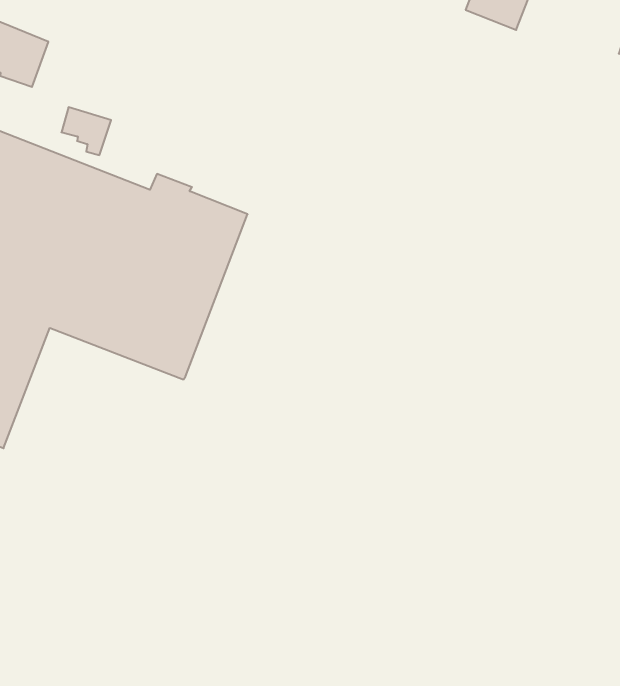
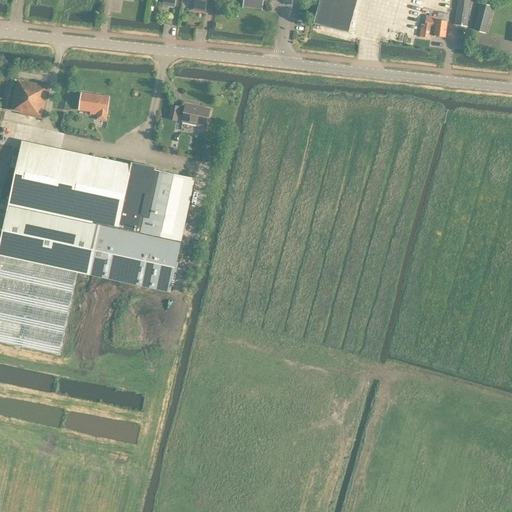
building: none -> [168,103,208,126]
building: [61,107,111,155] -> [78,91,109,119]

